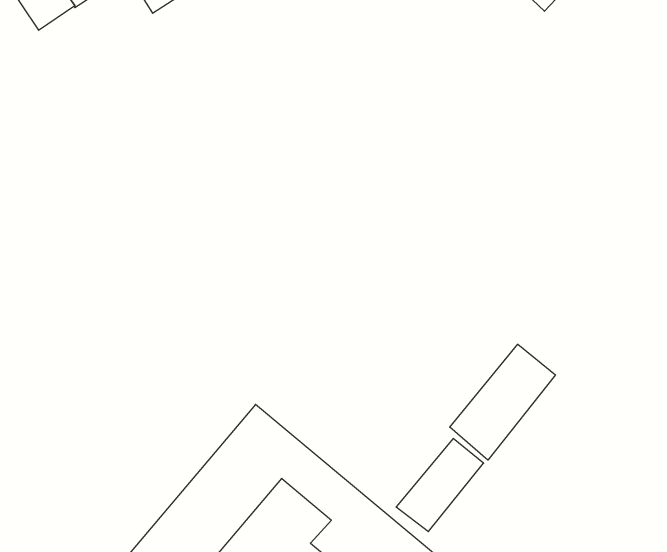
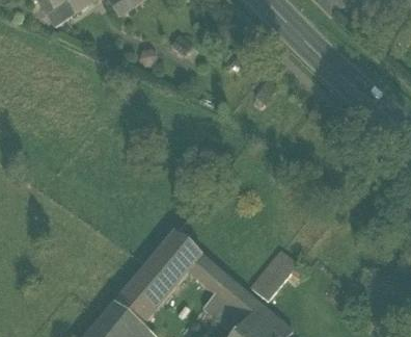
building: [450,344,555,460] -> none

